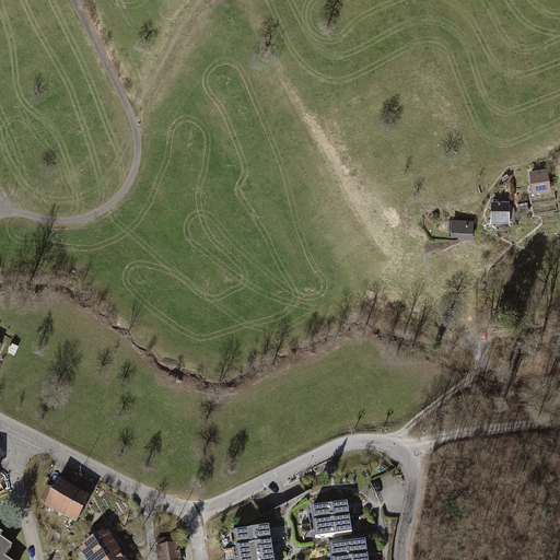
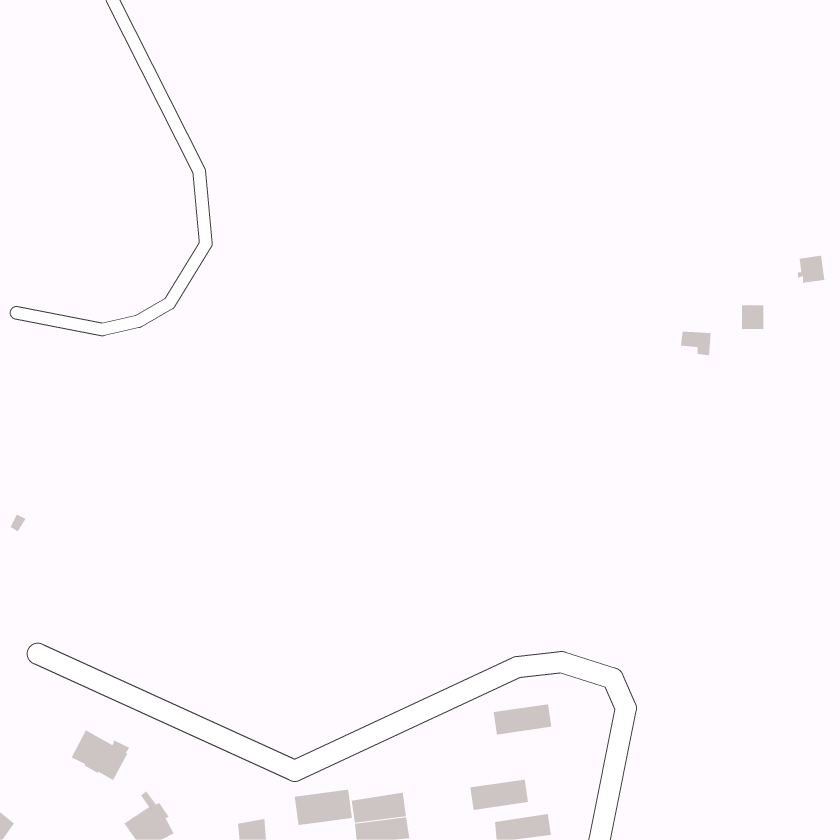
building: [310,502,349,523] -> [493,704,552,735]
building: none -> [294,789,352,826]

